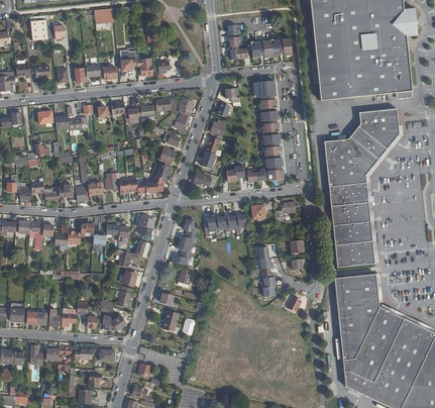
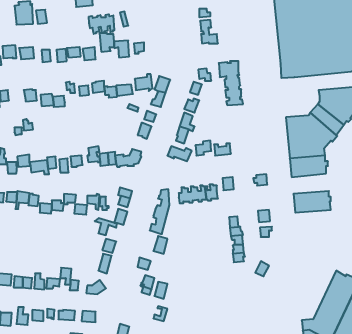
building: none -> [89,14,114,34]
building: [251,40,293,60] -> none
building: [258,125,281,179] -> none
building: [328,200,368,222] -> none
building: [332,239,373,264] -> none
building: [332,273,376,359] -> none

